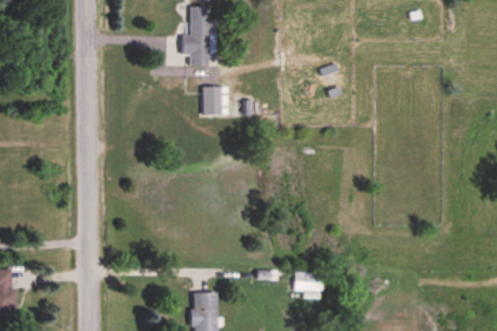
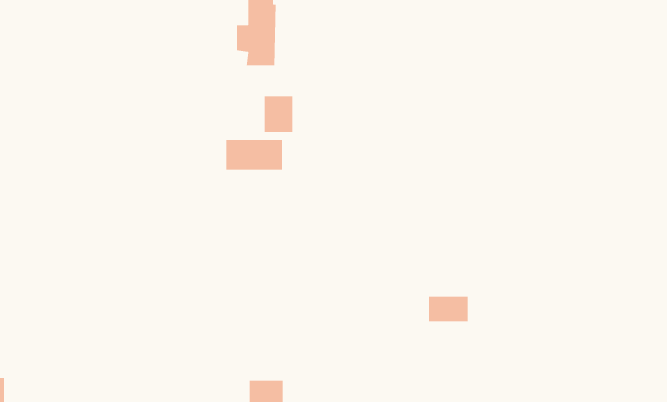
building: none -> [226,139,283,170]
building: [293,272,322,291] -> [428,296,469,322]

